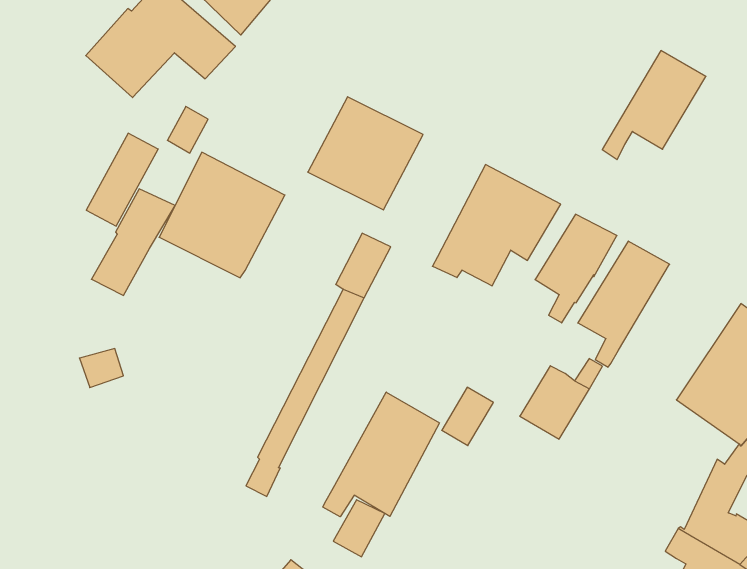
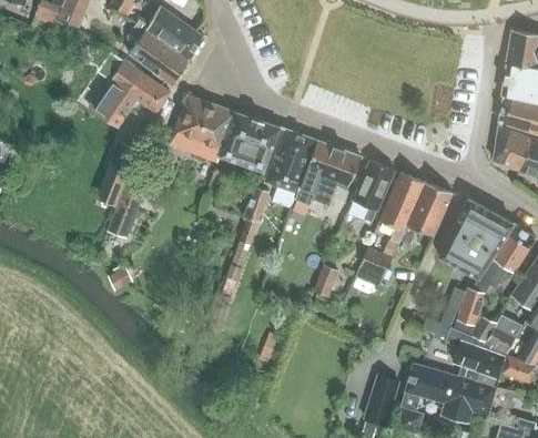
building: [602,51,706,160] -> [400,182,453,245]
building: none -> [266,129,317,194]
building: [159,152,285,278] -> [170,94,236,161]
building: [323,392,439,517] -> none
building: none -> [422,286,464,338]

